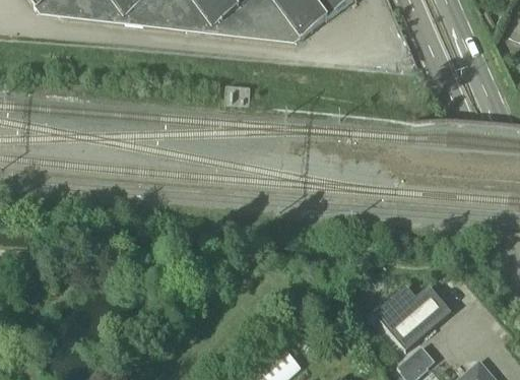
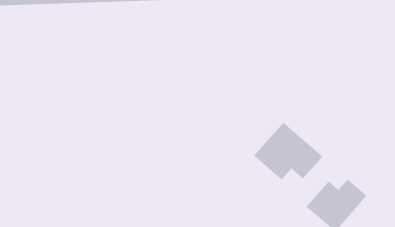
building: none -> [253,122,323,180]

